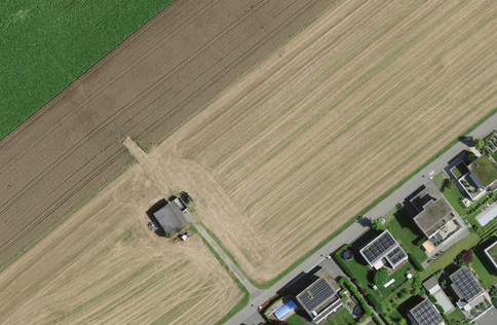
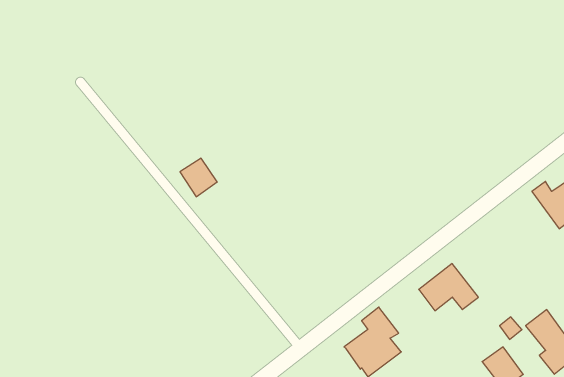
building: [411,185,464,250] -> none
building: [154,202,185,233] -> [180,158,217,197]

